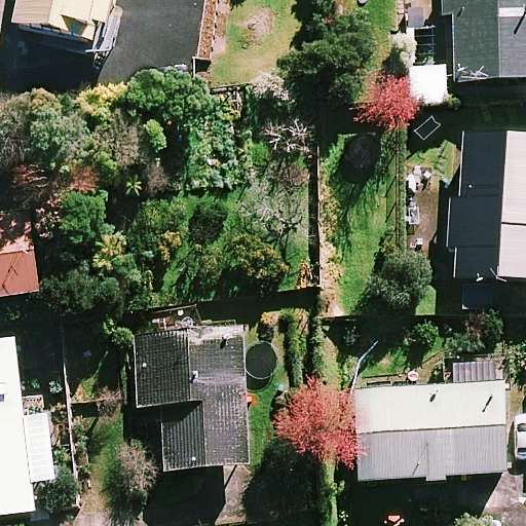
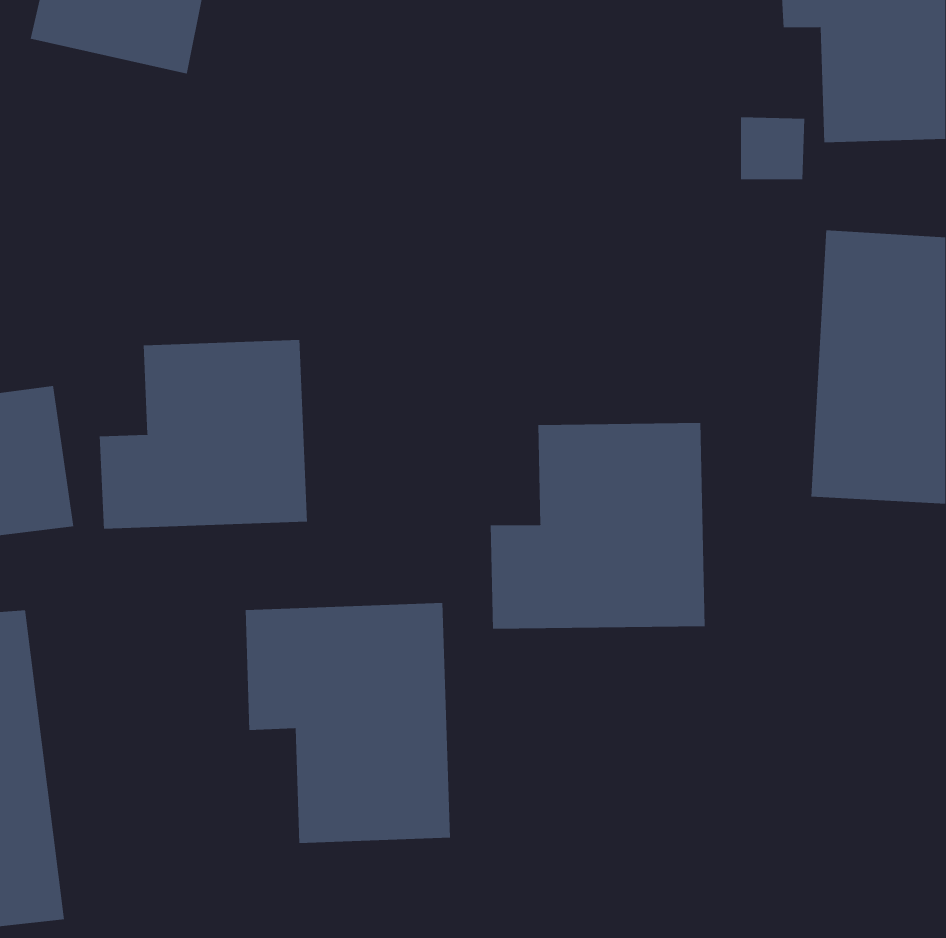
building: none -> [99,339,308,530]
building: none -> [490,422,705,630]
building: [358,358,506,477] -> none

